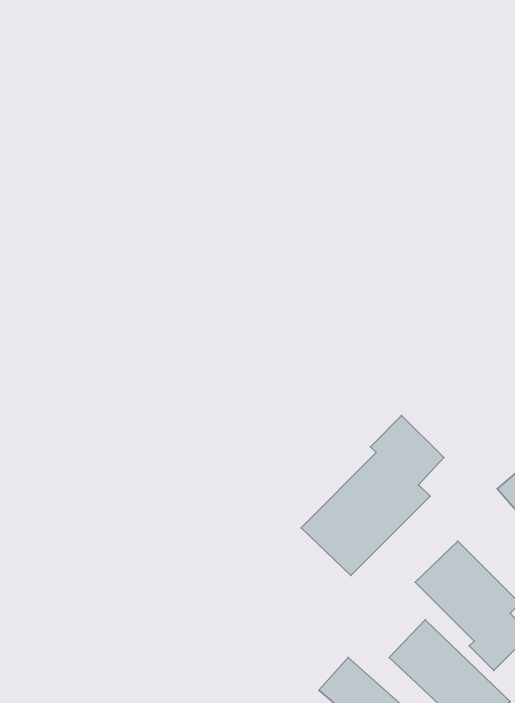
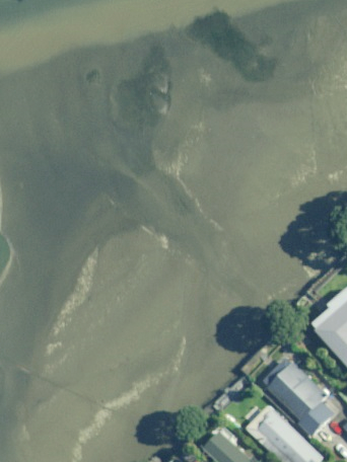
building: [301,416,444,575] -> none

